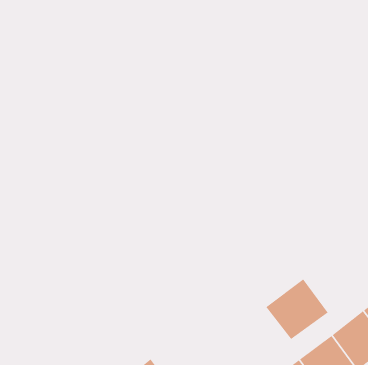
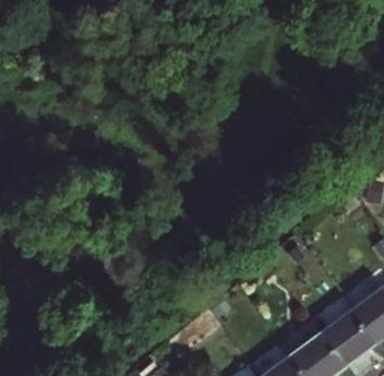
building: [266,279,328,340] -> none

